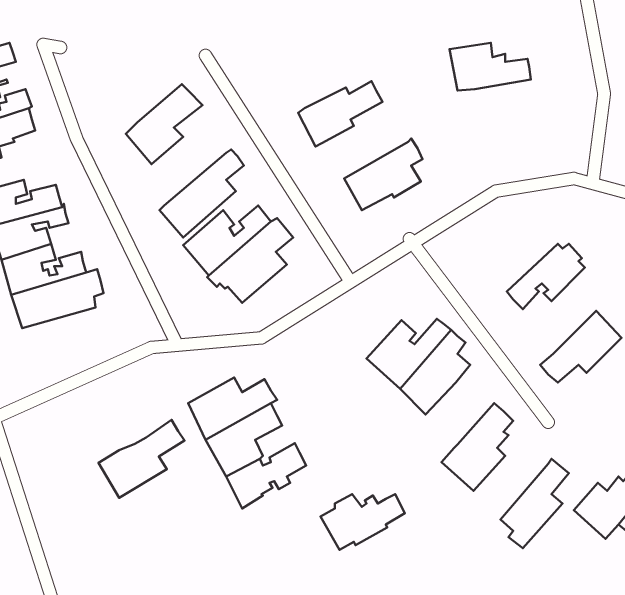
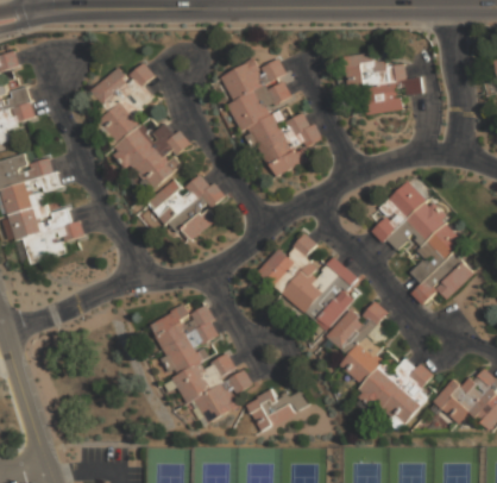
building: none -> [221,58,285,101]
building: none -> [89,62,152,112]
building: none -> [360,77,420,114]
building: none -> [246,108,310,153]
building: none -> [108,121,175,174]
building: none -> [370,182,422,242]
building: none -> [407,220,463,284]
building: none -> [260,232,315,288]
building: none -> [325,300,384,355]
building: [98,420,184,498] -> [187,368,251,426]
building: none -> [357,356,415,408]

